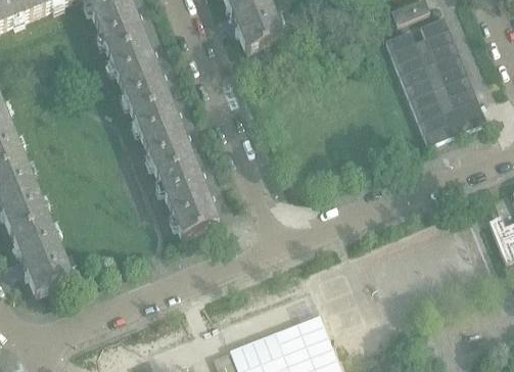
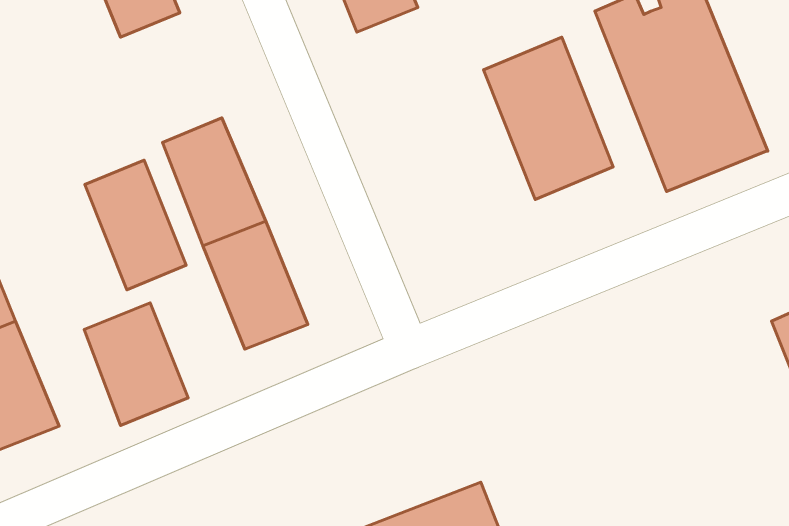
building: [108,40,168,115] -> [85,160,186,290]
building: none -> [484,37,613,199]
building: none -> [84,303,188,426]

